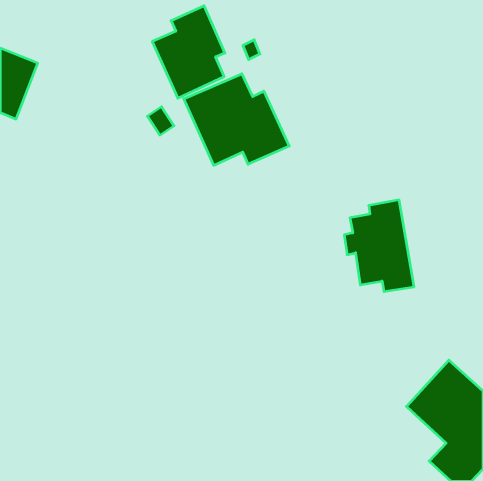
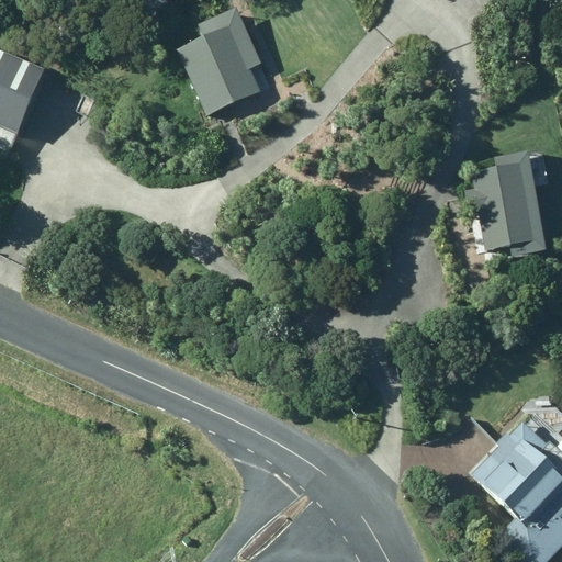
building: [184,74,289,165] -> none
building: [344,200,414,292] -> [465,148,547,255]

